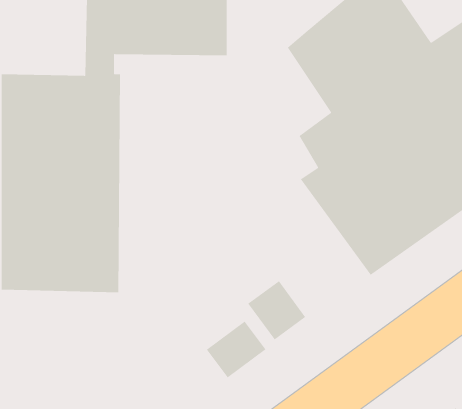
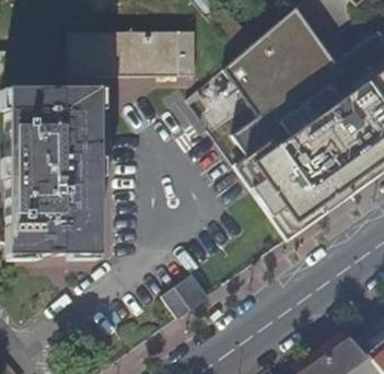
building: [247,280,306,341] -> none

